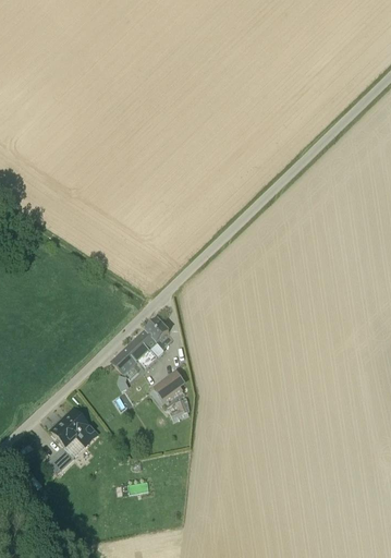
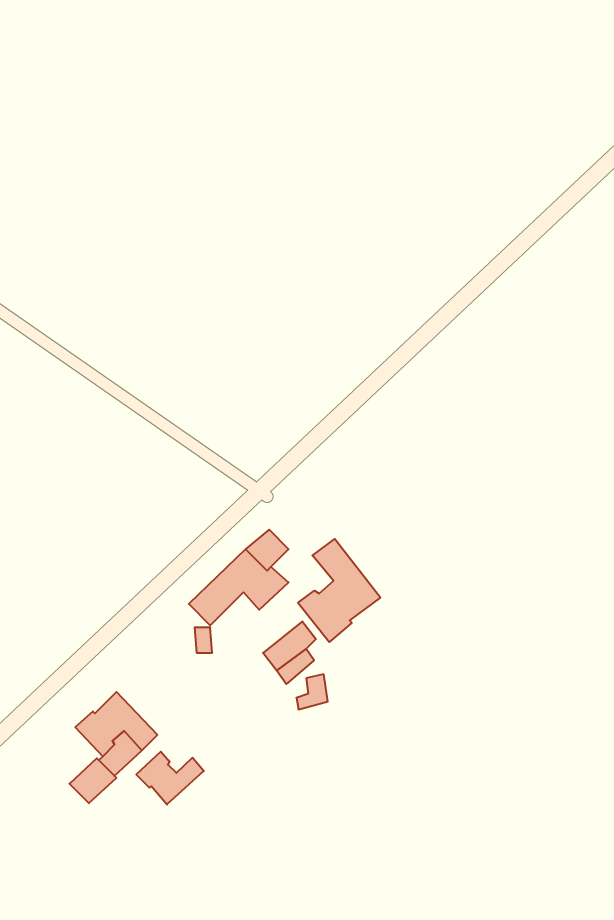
building: none -> [298,539,380,642]
building: none -> [136,752,204,805]

